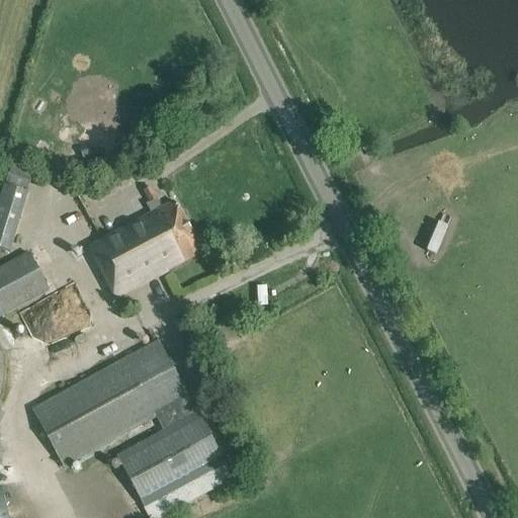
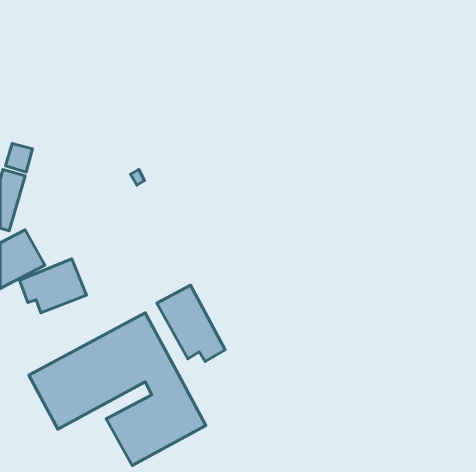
building: [86,200,200,297] -> none
building: none -> [157,285,225,362]

